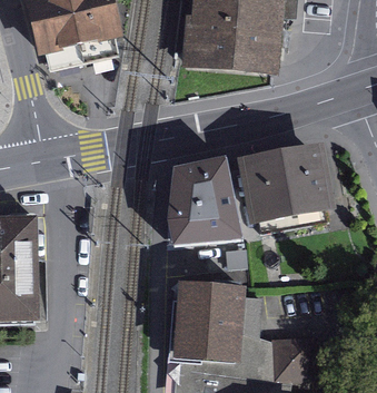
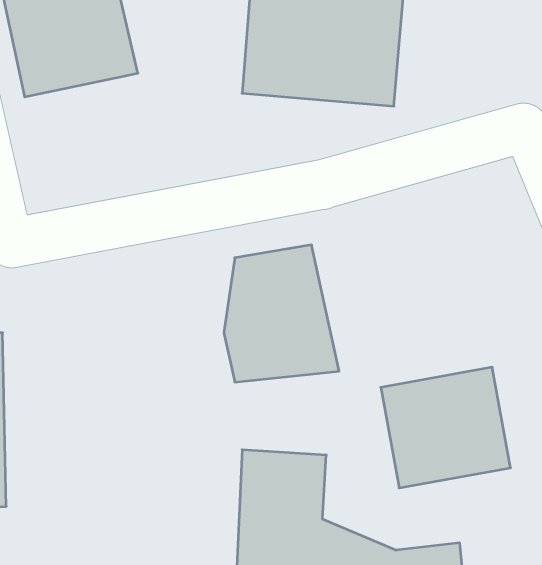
building: [246,153,325,226] -> [381,367,511,488]

